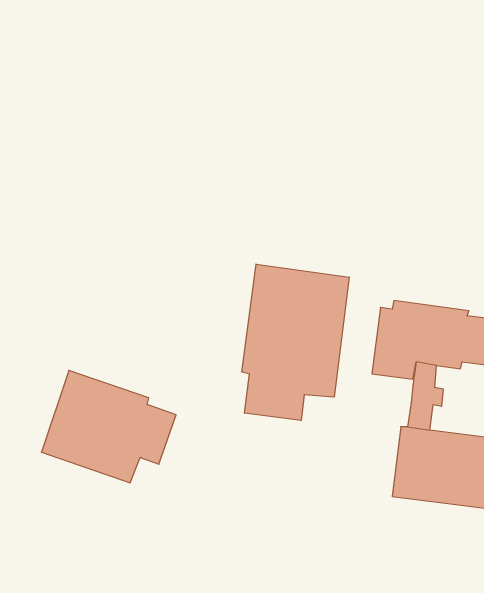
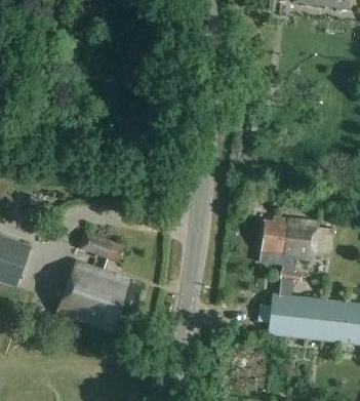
building: [242,264,349,421] -> none
building: none -> [82,232,126,260]

